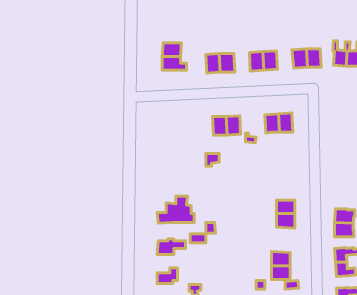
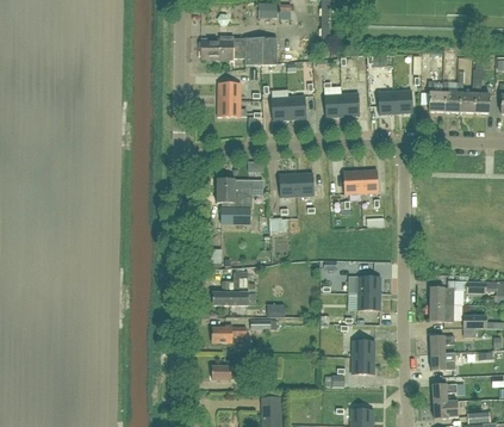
building: none -> [200,37,275,63]
building: none -> [216,178,251,223]

